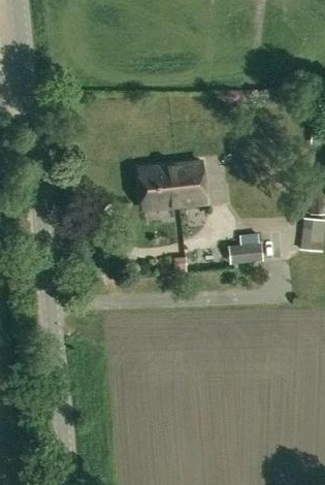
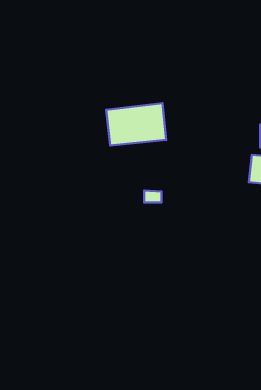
building: [227,241,263,263] -> none

